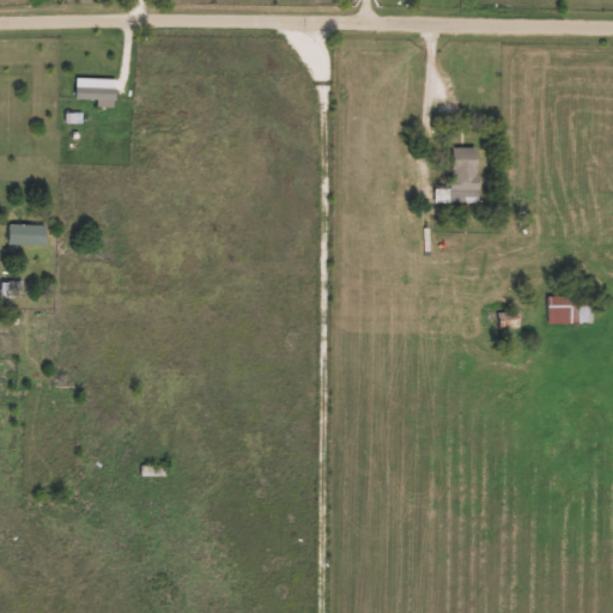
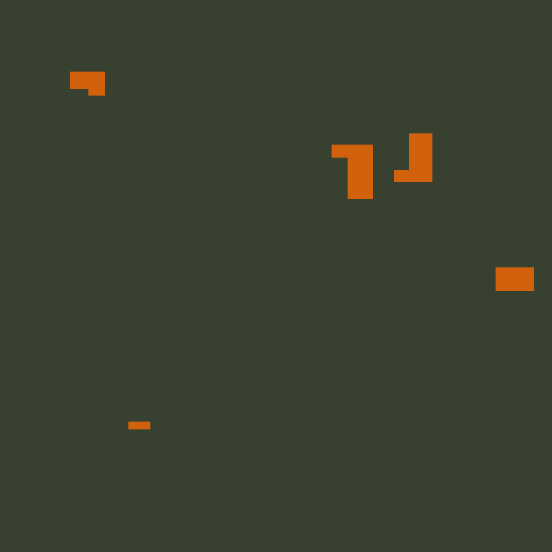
building: none -> [331,144,373,200]
building: [11,224,47,245] -> none

